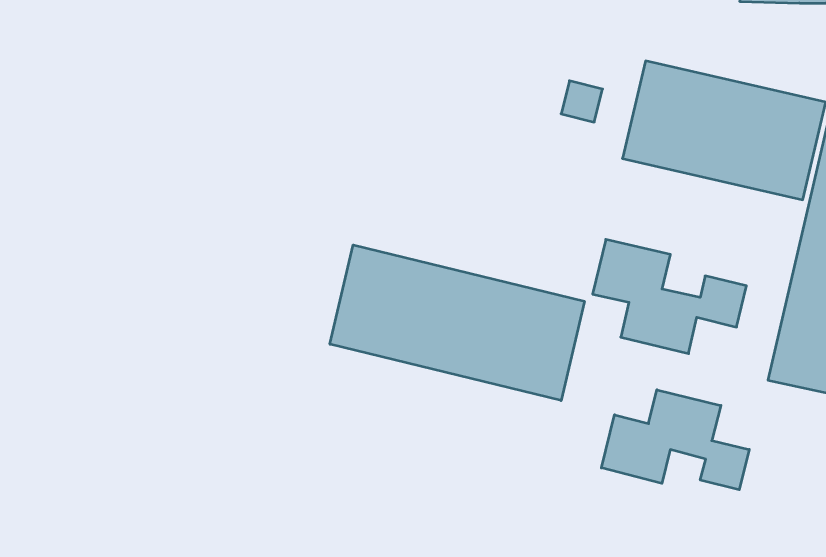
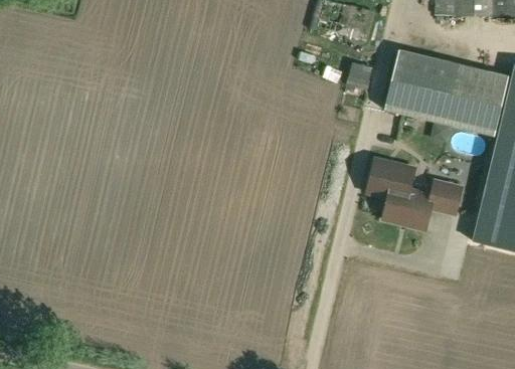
building: [330,245,584,401] -> none
building: [601,390,749,490] -> none

